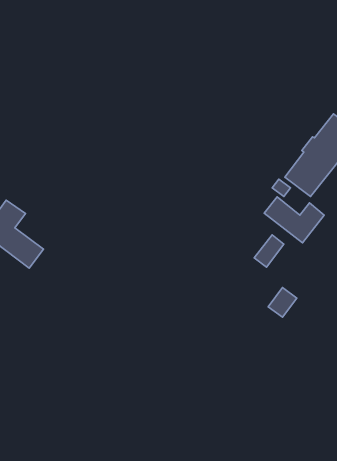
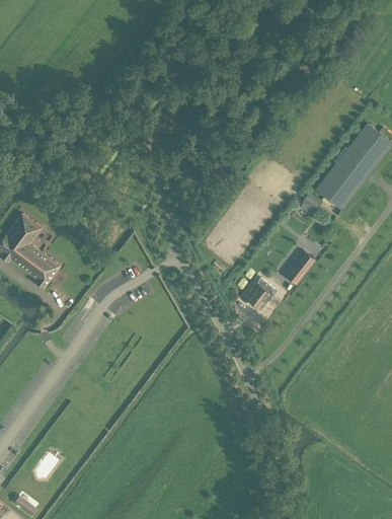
building: [264,197,324,243] -> none
building: [268,288,297,317] -> [243,278,273,309]

